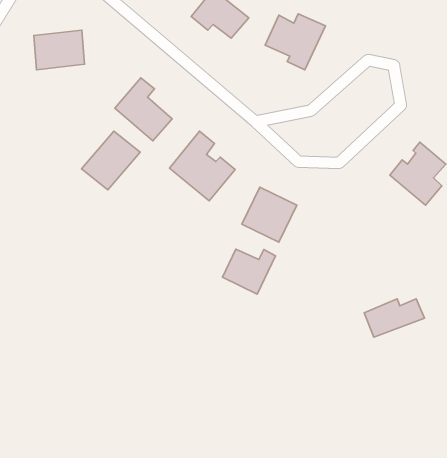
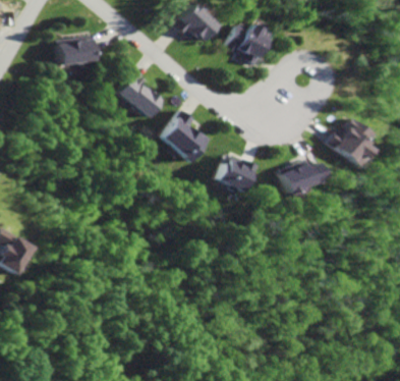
building: [81,131,140,190] -> none
building: [222,249,275,294] -> none
building: [364,299,424,337] -> [278,164,323,193]

